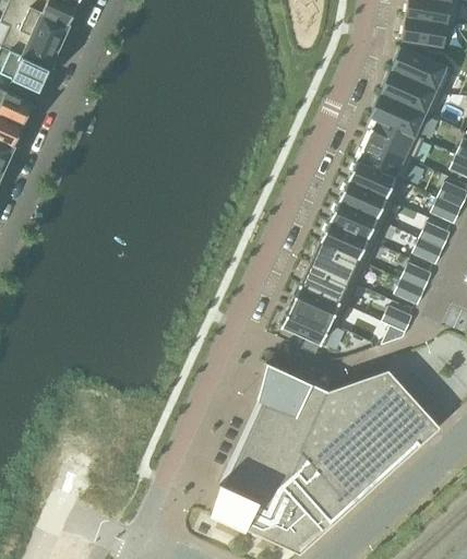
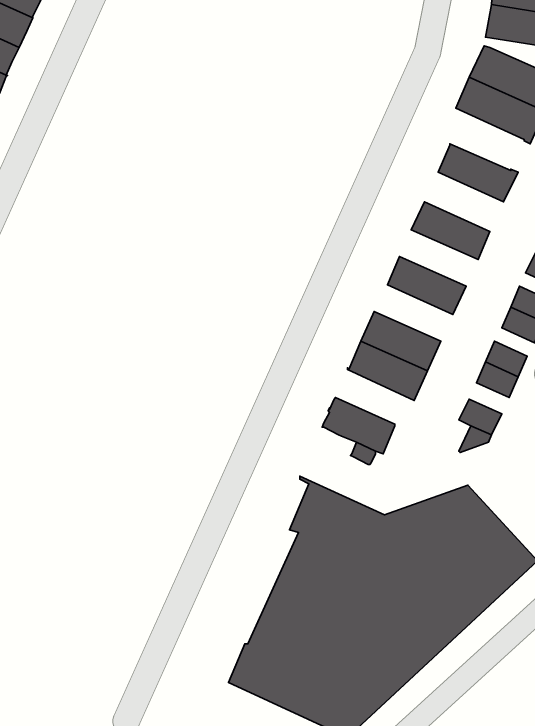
building: [368,92,429,138] -> none
building: [356,139,414,182] -> none
building: [337,181,395,223] -> none
building: [319,222,376,263] -> none
building: [290,284,348,328] -> none

